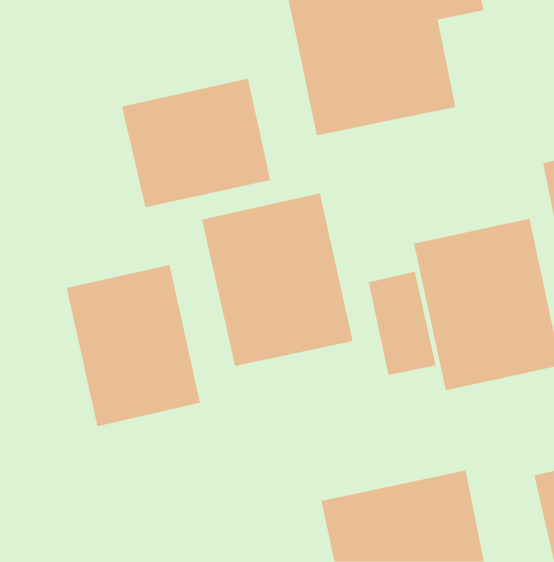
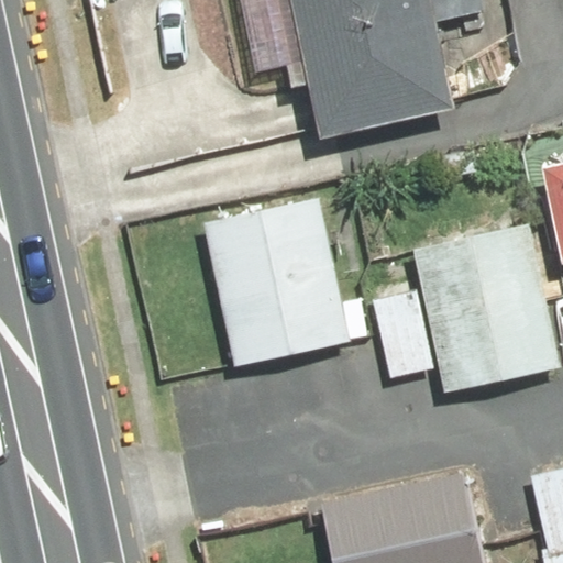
building: [121,78,271,208] -> none
building: [66,264,201,427] -> none

